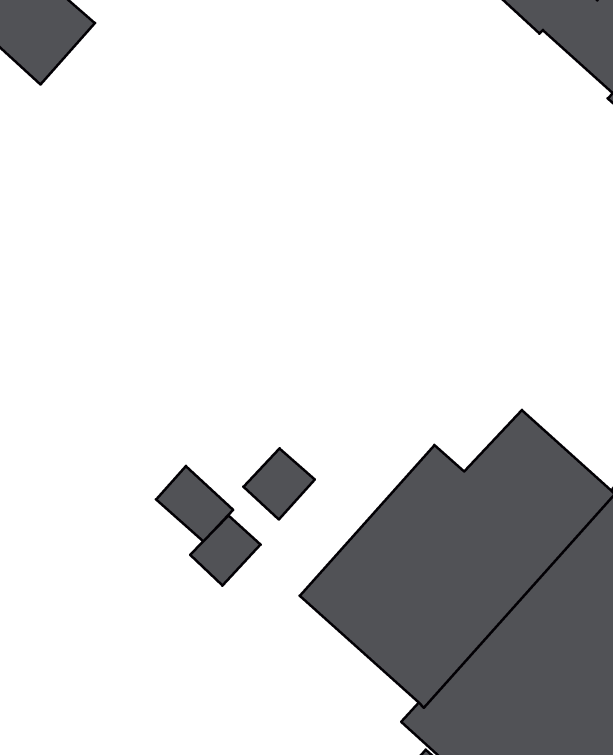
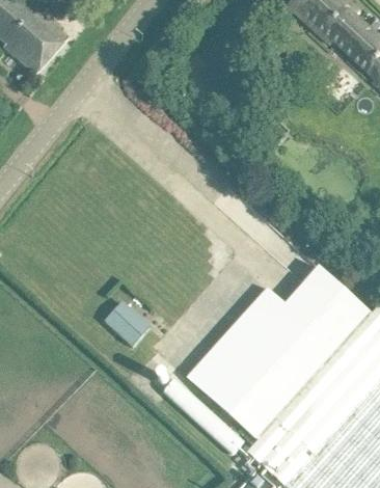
building: [243,448,315,519] -> none
building: [190,515,261,586] -> none

